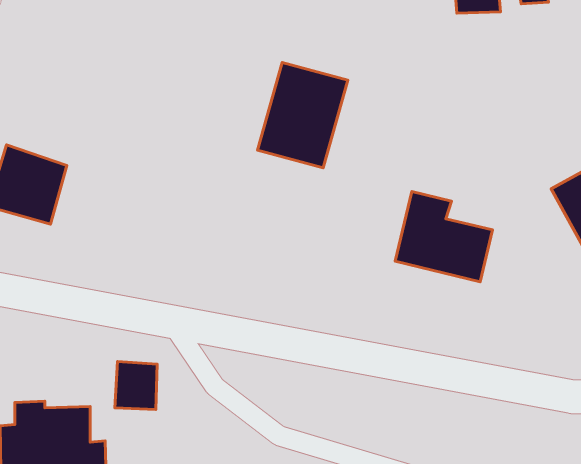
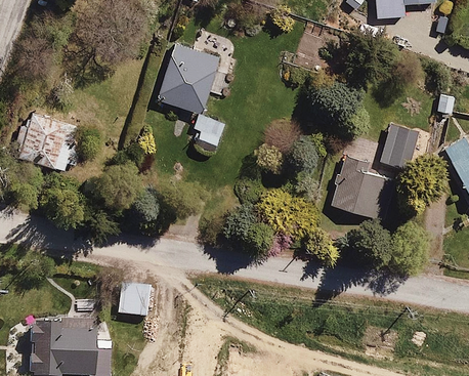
building: [257,62,348,168] -> [155,38,222,117]
building: none -> [380,120,415,170]

